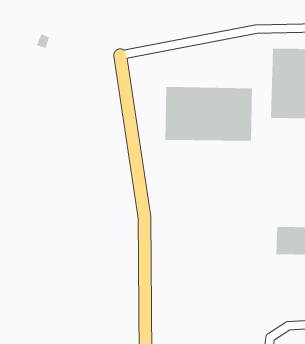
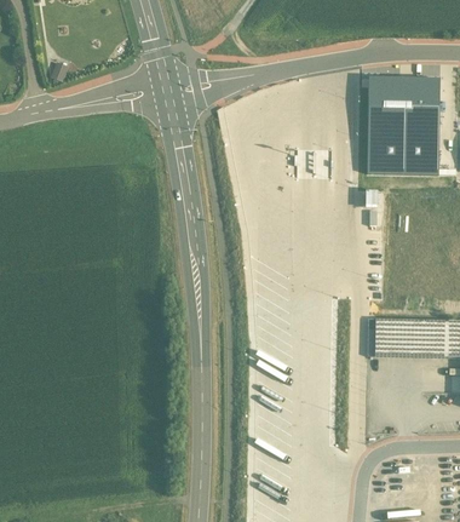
building: [165,86,253,141] -> none

